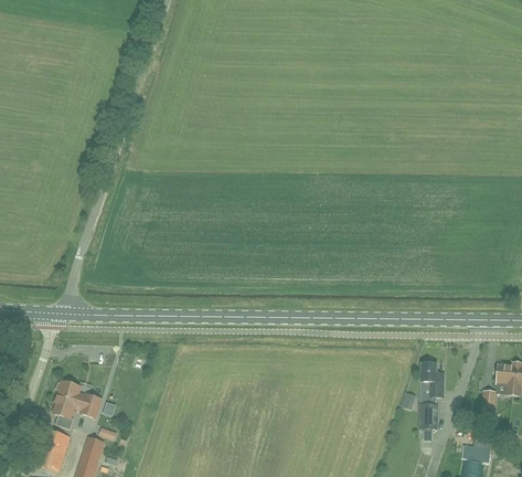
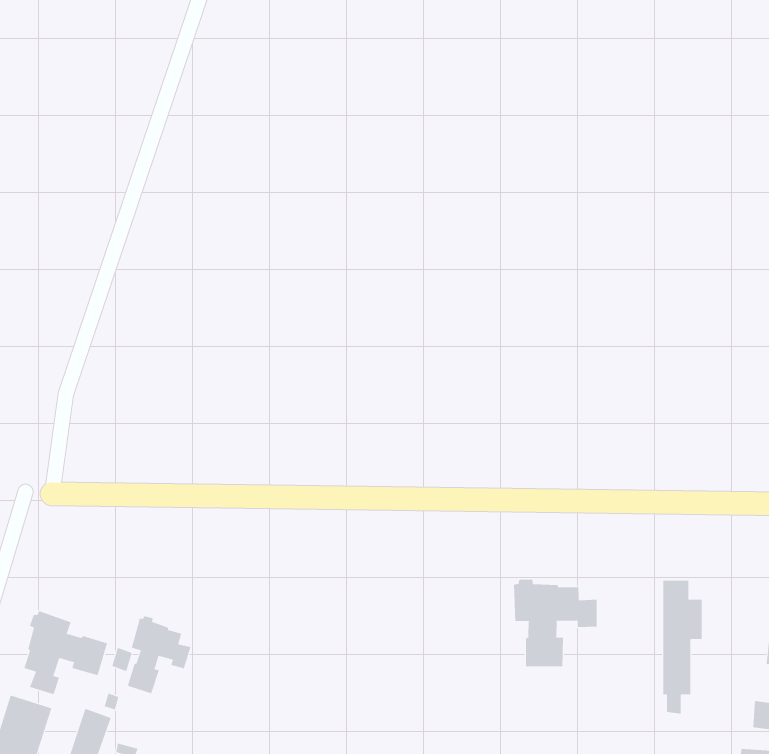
building: none -> [513,579,597,667]
building: none -> [127,615,191,694]

